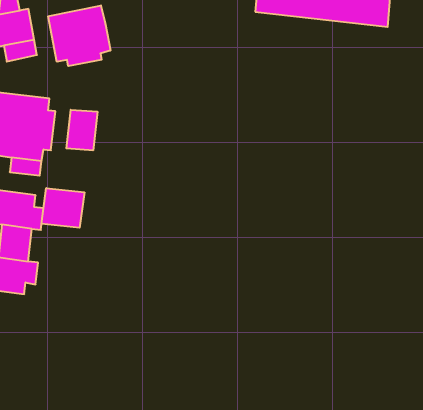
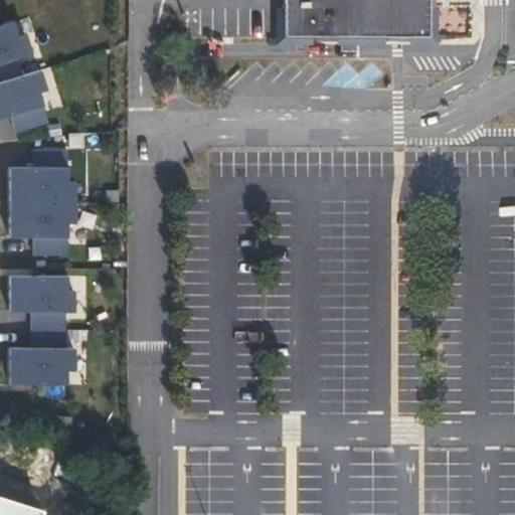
building: [48,5,110,66] -> none
building: [66,110,97,150] -> none
building: [42,188,84,228] -> none

